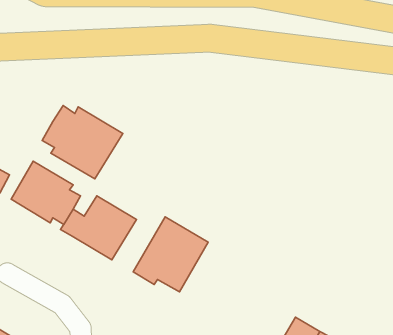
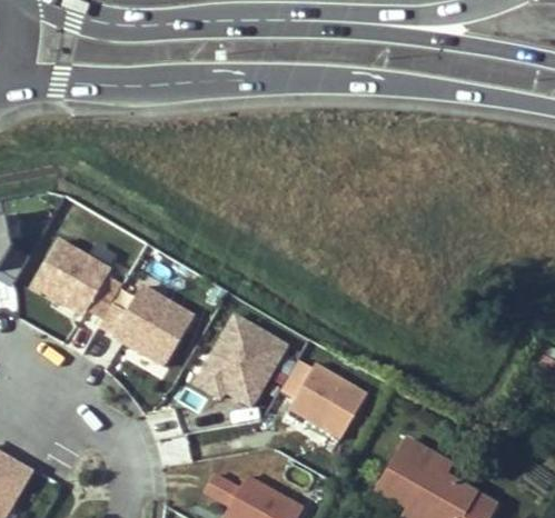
building: [42,106,123,179] -> none
building: none -> [279,358,367,439]

